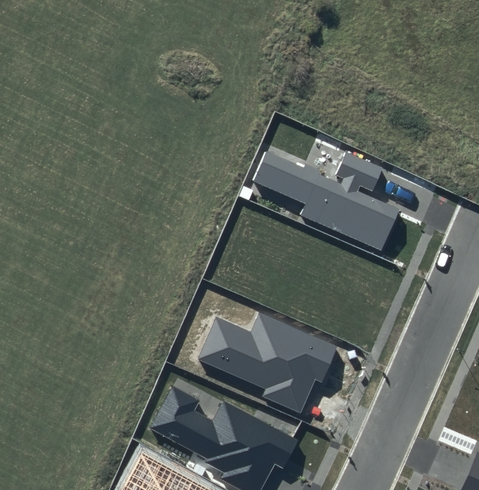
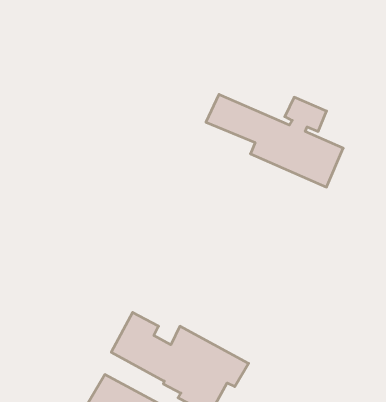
building: [197,311,338,412] -> none

